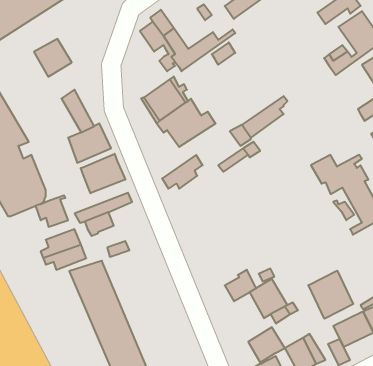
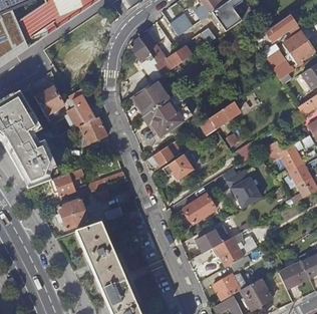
building: [34,39,72,77] -> [36,86,65,115]
building: [81,154,125,193] -> none
building: none -> [164,153,194,181]
building: none -> [227,169,262,207]
building: none -> [184,193,217,223]
building: [308,271,353,319] -> none

